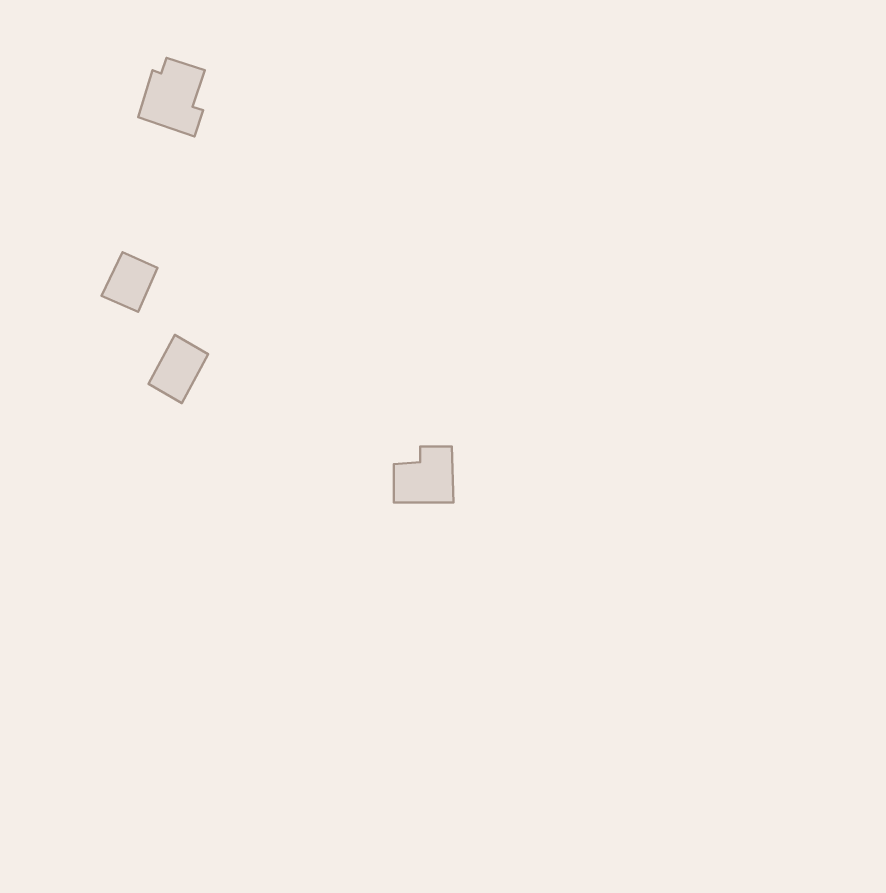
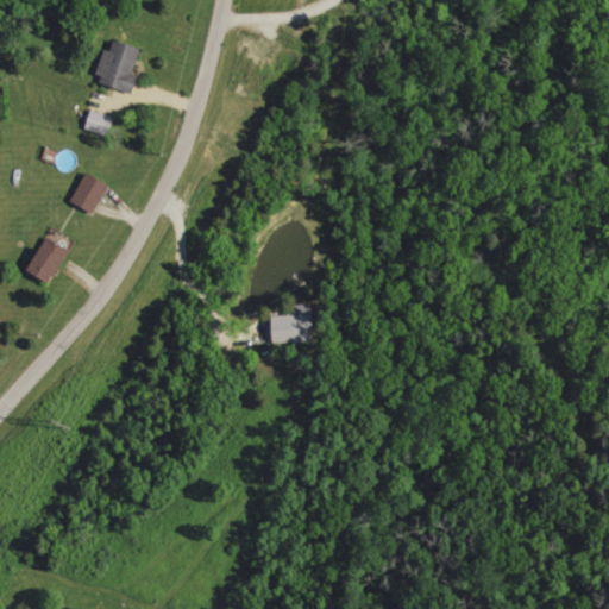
building: none -> [82,111,112,138]
building: [149,335,208,403] -> [27,237,68,283]

